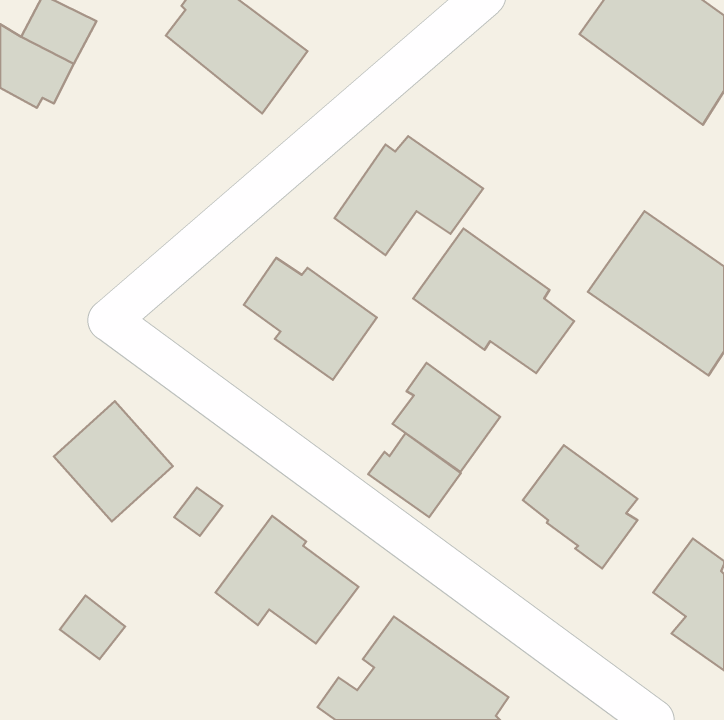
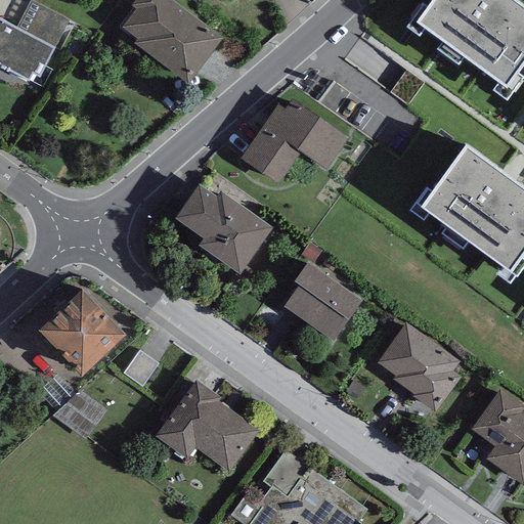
building: [413,229,574,373] -> none
building: [368,433,461,517] -> none
building: [60,595,125,659] -> [57,389,104,435]

